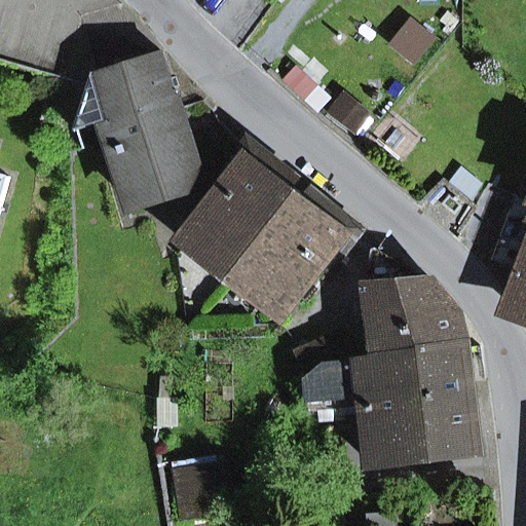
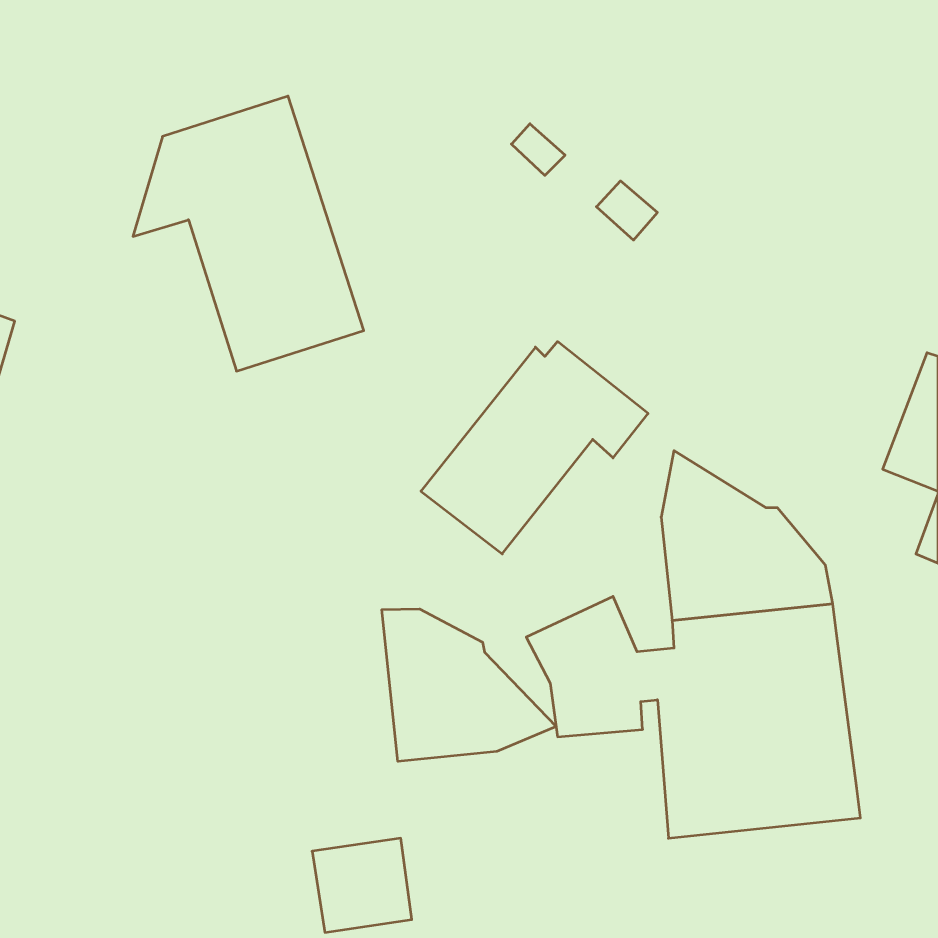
building: [190,143,298,276] -> none
building: none -> [382,609,556,761]

